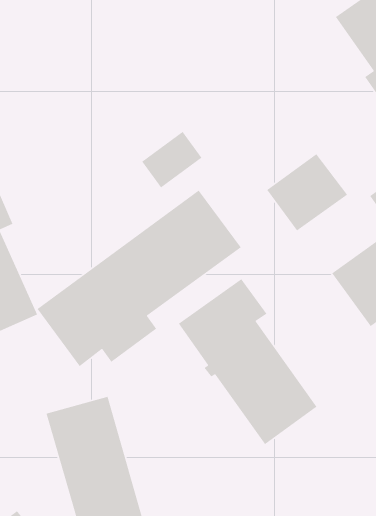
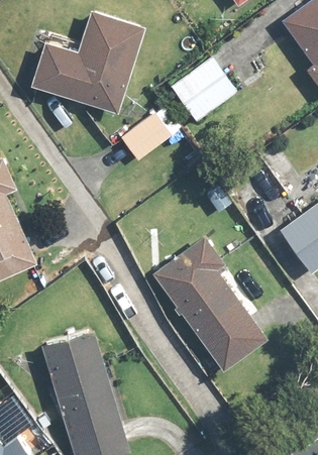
building: none -> [30,11,144,114]
building: [266,153,348,232] -> [171,58,238,122]
building: [37,189,242,367] -> none

